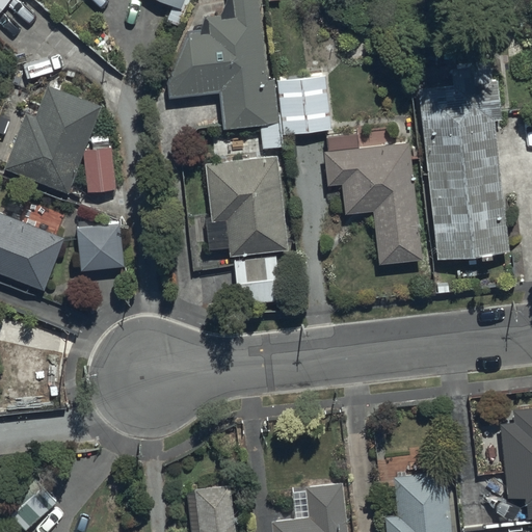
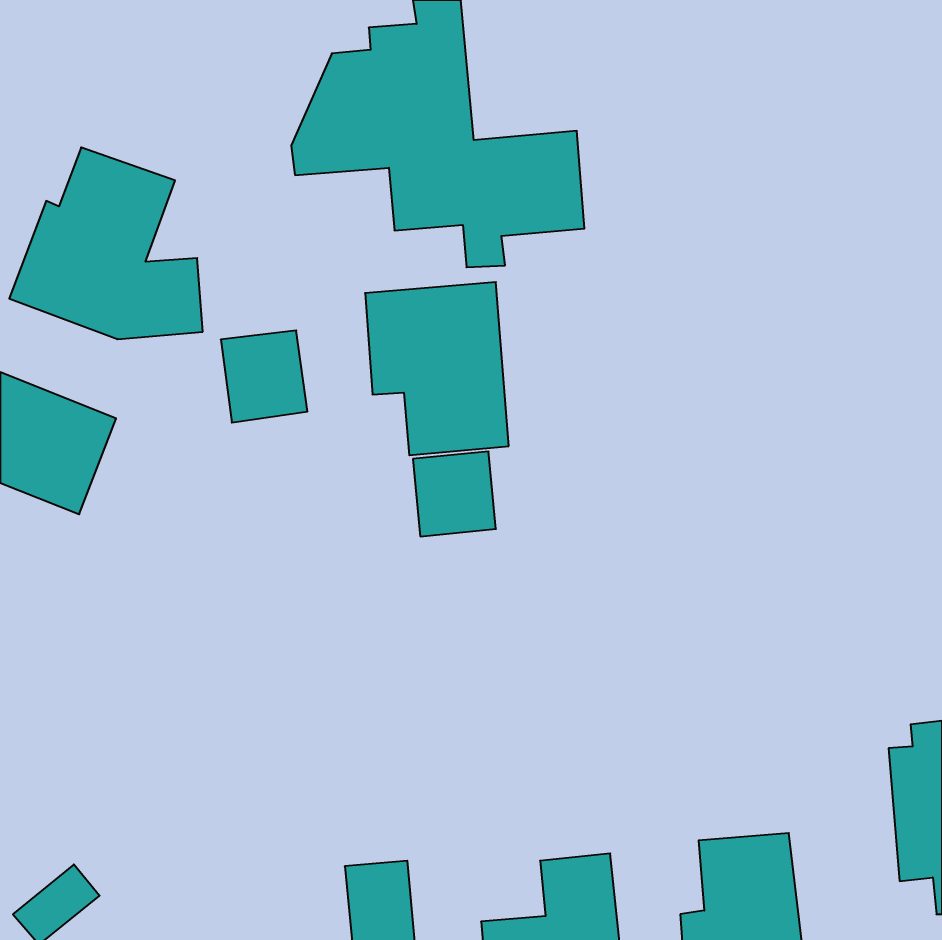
building: [421,69,508,263] -> none
building: [323,133,422,264] -> none
building: [76,220,125,272] -> [221,330,307,423]

